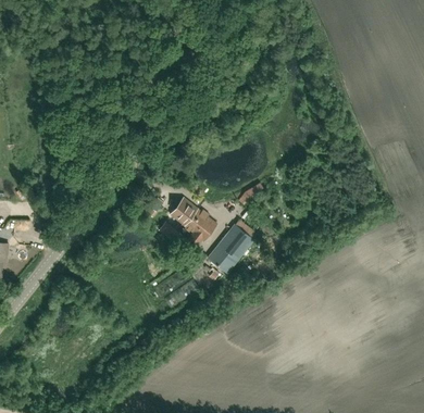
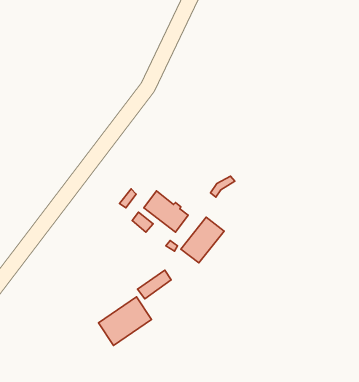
building: none -> [99,297,152,346]

